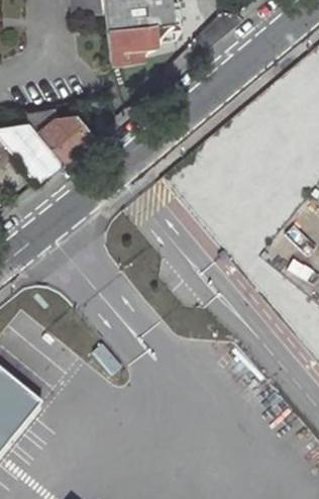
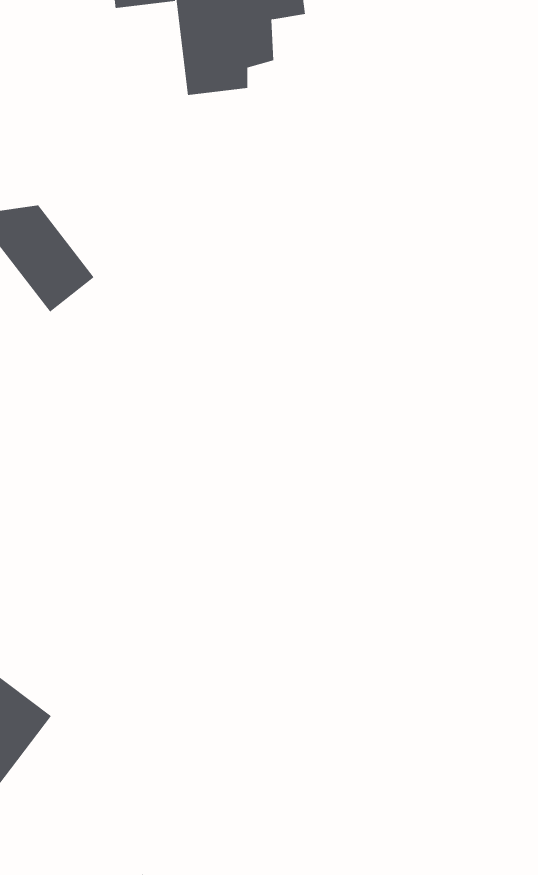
building: [34,115,96,162] -> none

